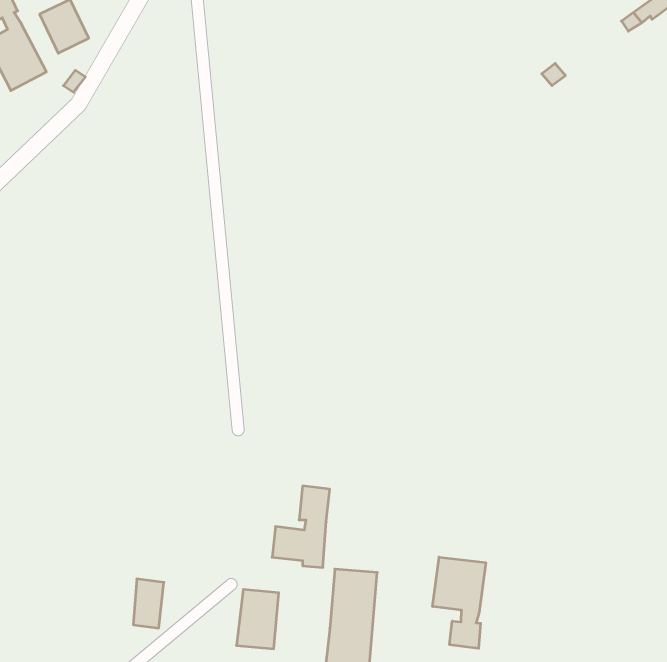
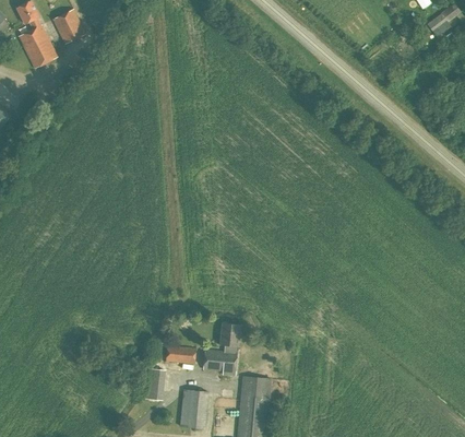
building: none -> [165,345,195,363]
building: [433,557,486,648] -> none
building: [133,579,164,628] -> [144,367,164,399]

